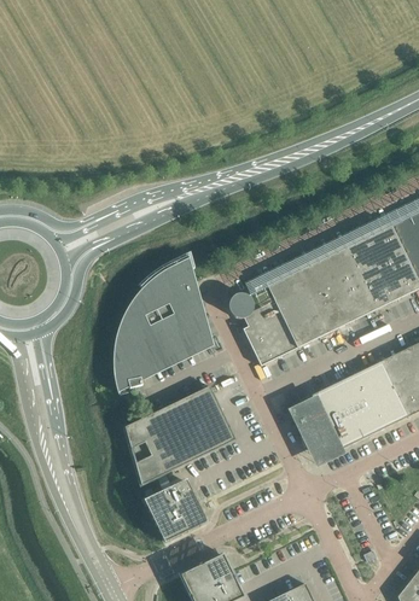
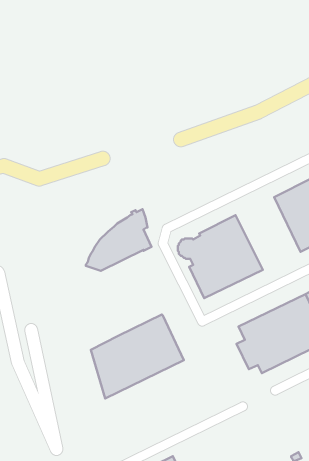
building: [297,245,374,332] -> none
building: [112,308,204,391] -> none
building: [144,479,206,542] -> none

